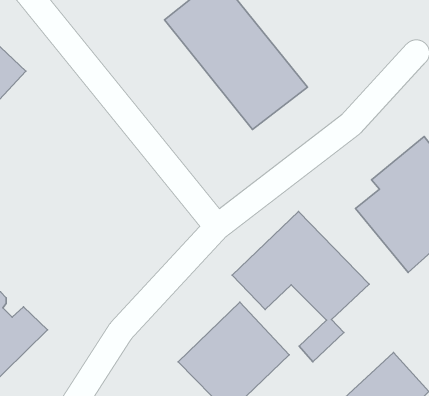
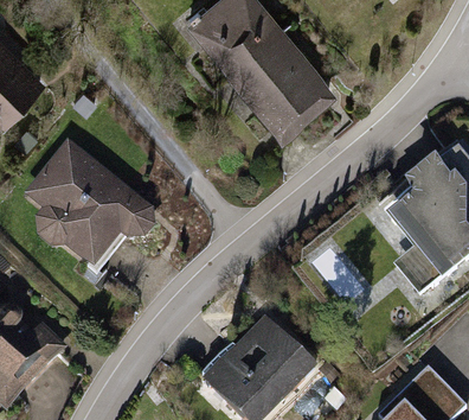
building: none -> [25,138,155,268]
building: [232,212,369,362] -> none

